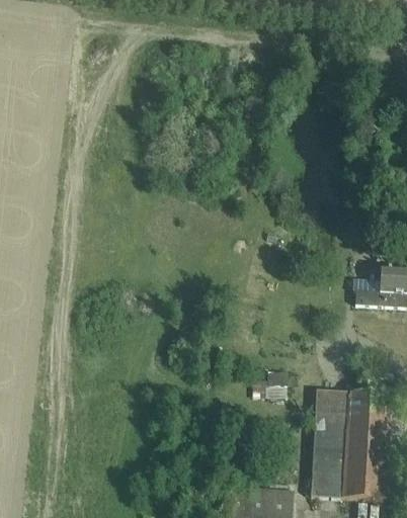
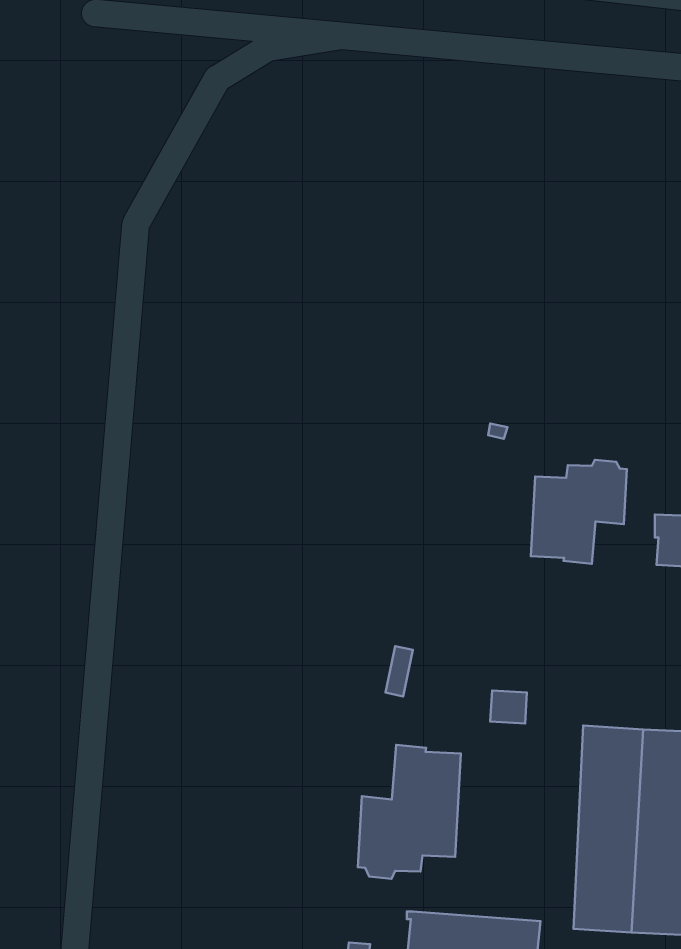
building: none -> [531,460,627,564]
building: none -> [358,745,461,879]

